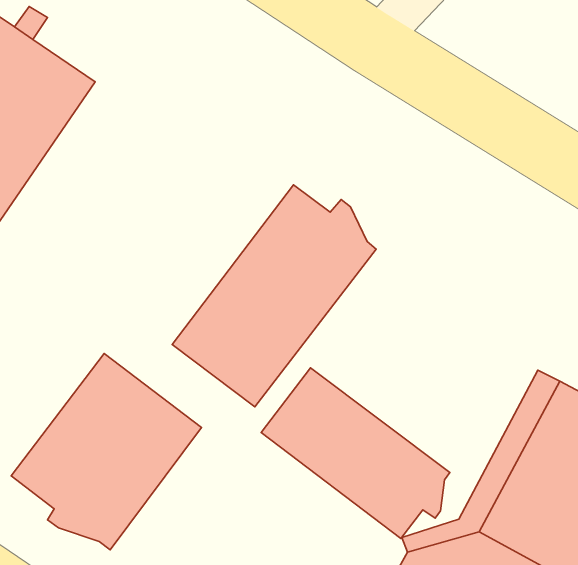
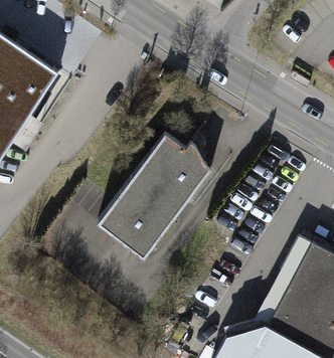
building: [11,353,201,550] -> none
building: [261,368,450,539] -> none

